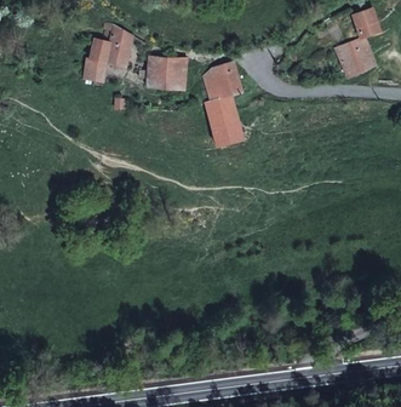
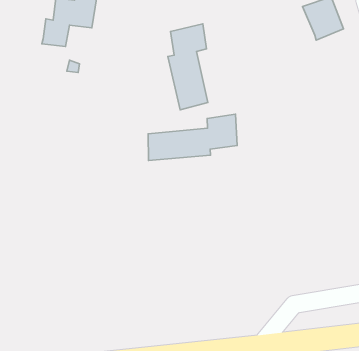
building: [141,53,185,93] -> none
building: none -> [148,114,237,160]

